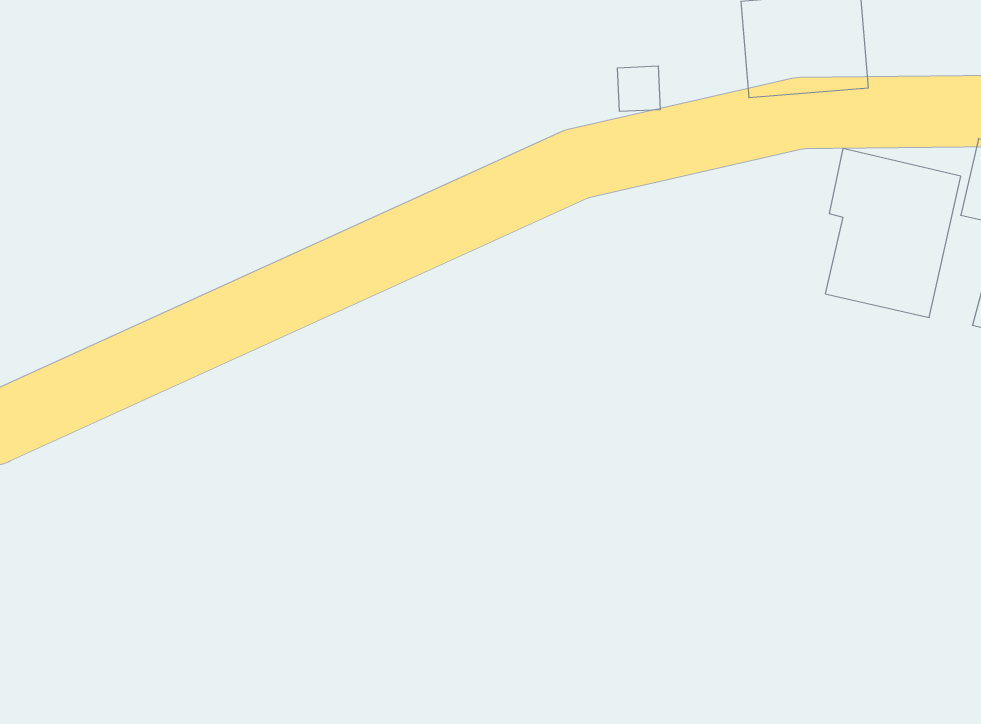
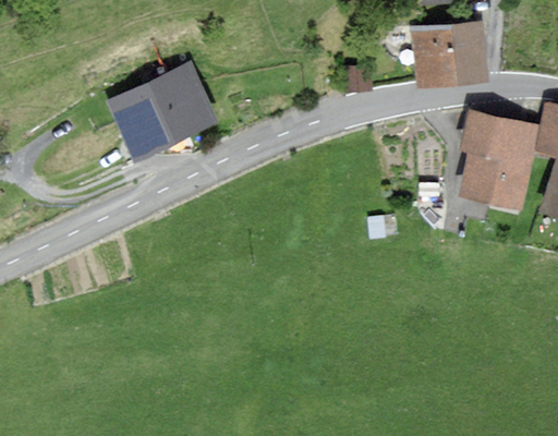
building: none -> [111,65,214,155]

